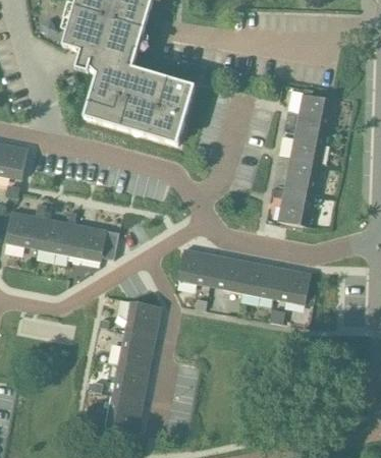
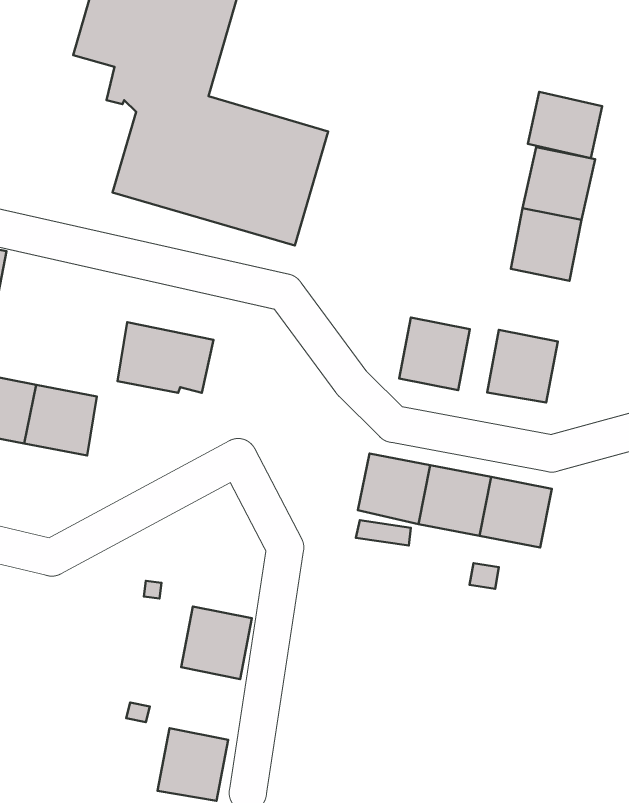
building: none -> [528,92,602,158]
building: [283,157,320,194] -> [399,318,470,390]
building: [69,223,119,260] -> [117,322,213,393]
building: [178,245,216,282] -> none
building: [124,300,161,338] -> none
building: [112,363,149,401] -> none

